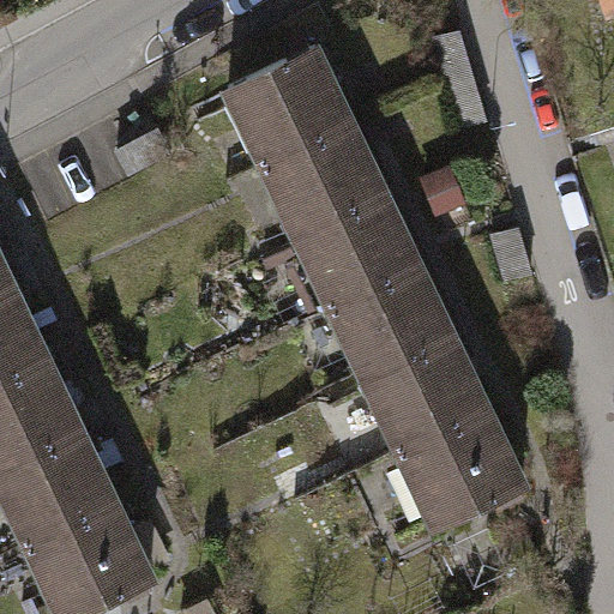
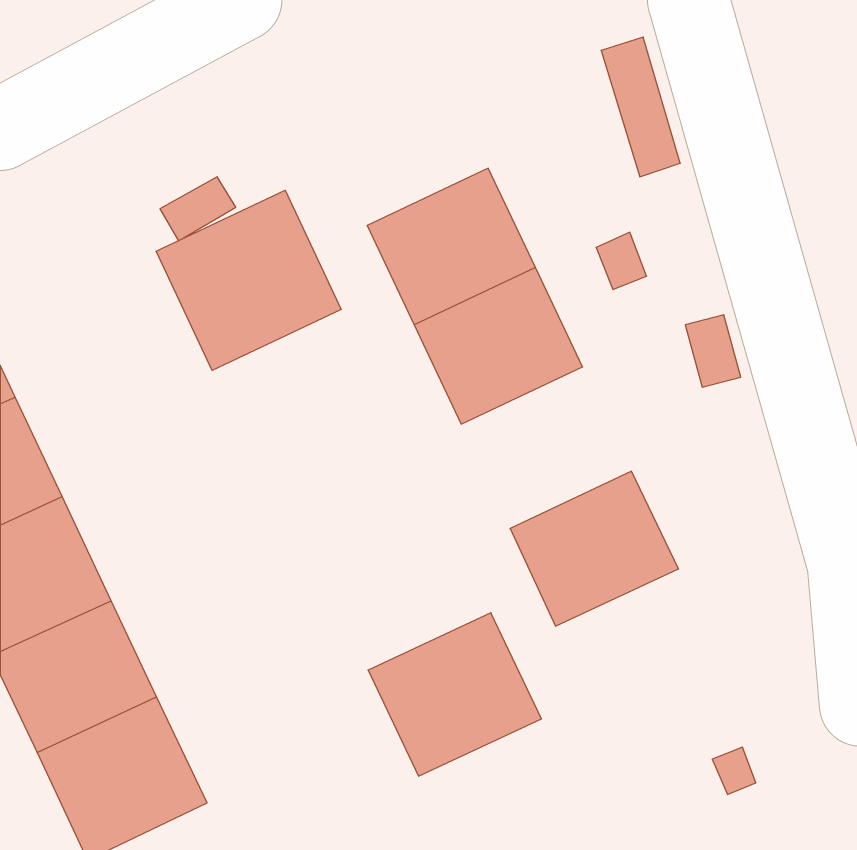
building: [227,49,350,168] -> none
building: none -> [156,190,341,370]
building: [331,269,452,384] -> none
building: [398,413,522,529] -> [368,613,541,776]

